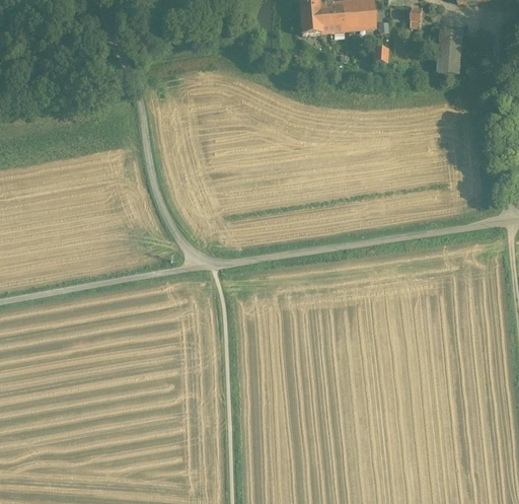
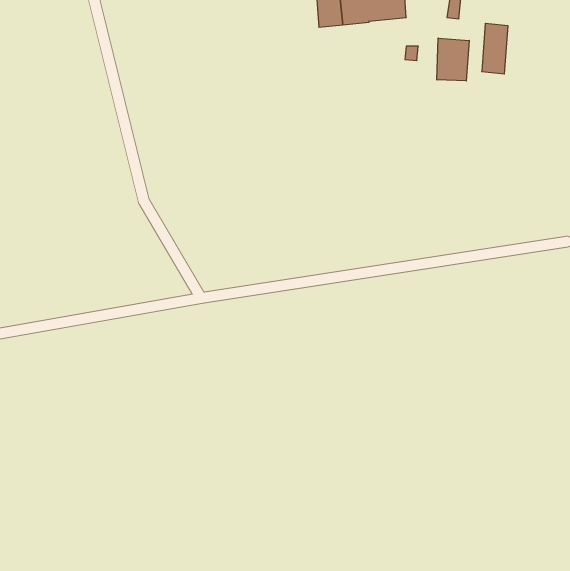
building: none -> [437,38,469,81]

